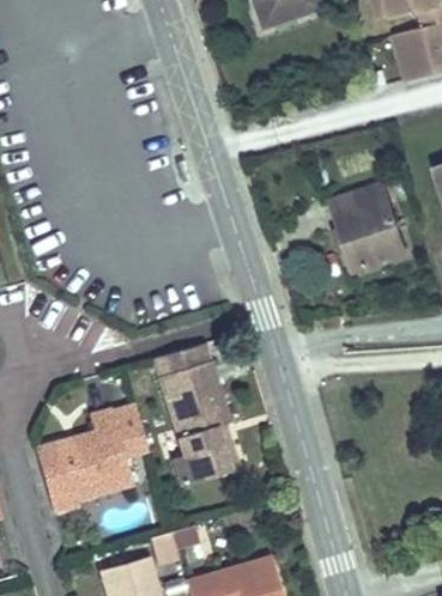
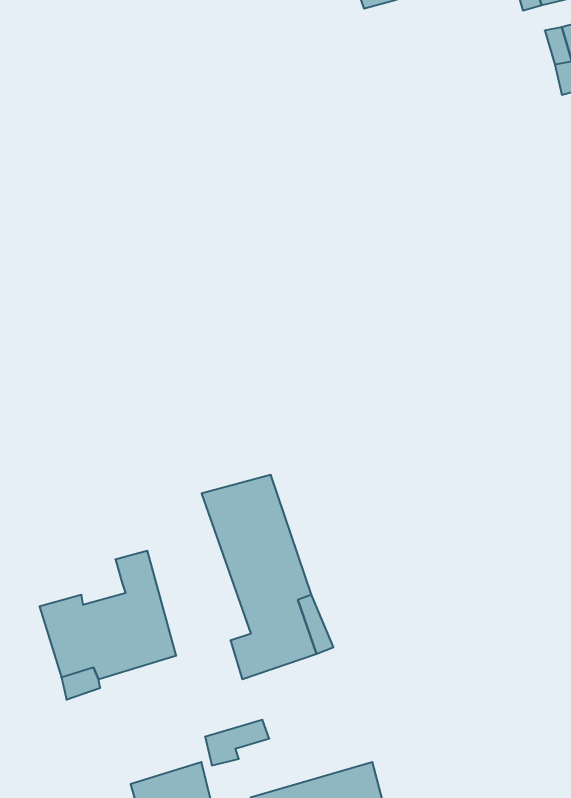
building: [329,182,406,268] -> none
building: [111,397,150,454] -> none

